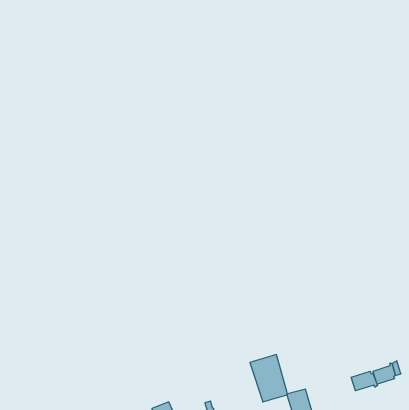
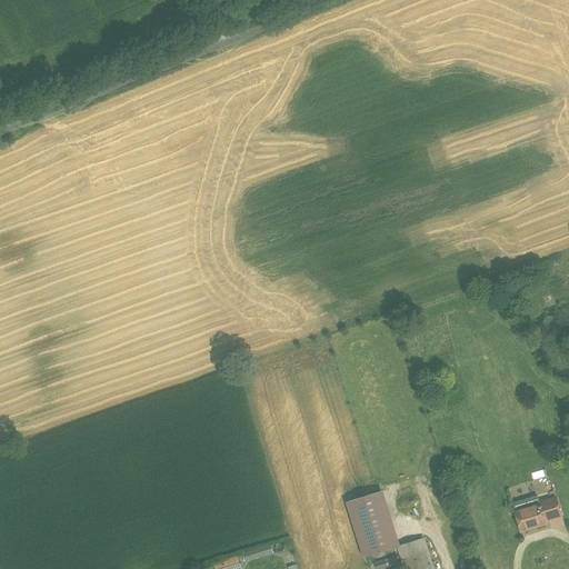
building: [351,371,377,391] -> none

